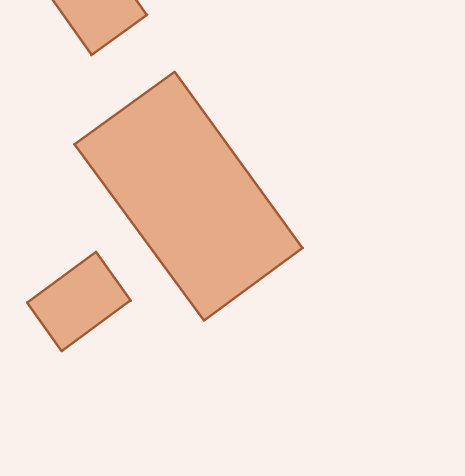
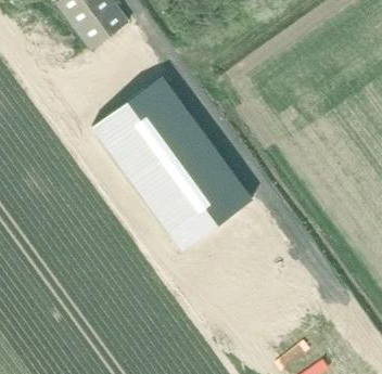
building: [27,252,131,351] -> none

